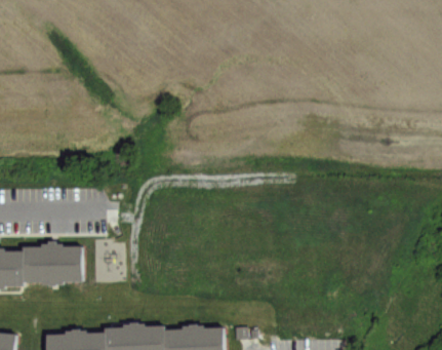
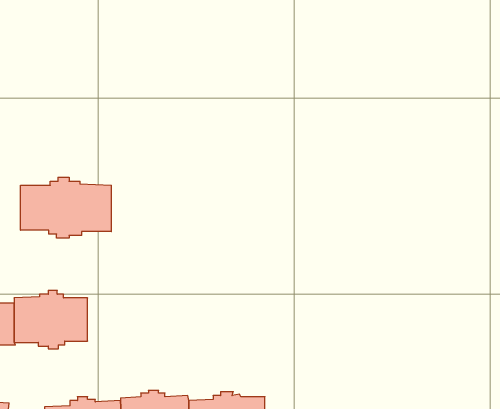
building: none -> [21,177,111,238]

